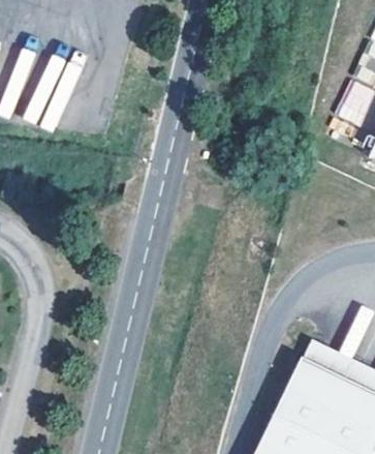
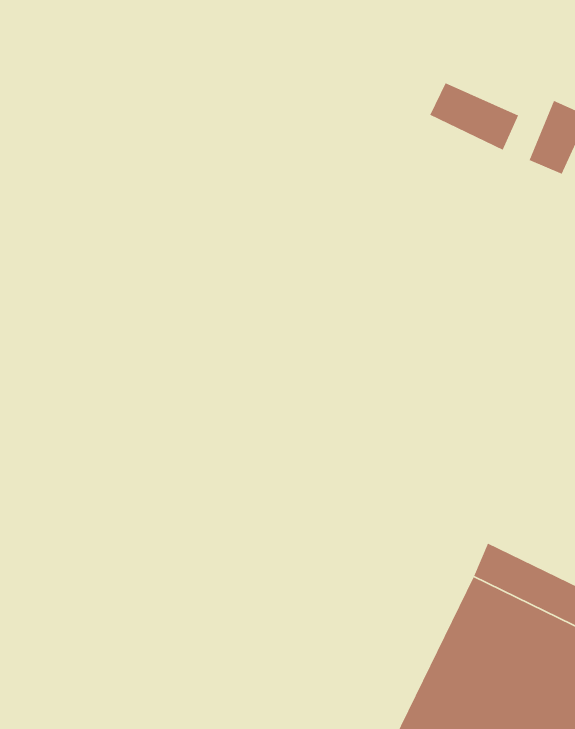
building: none -> [429,82,519,151]

